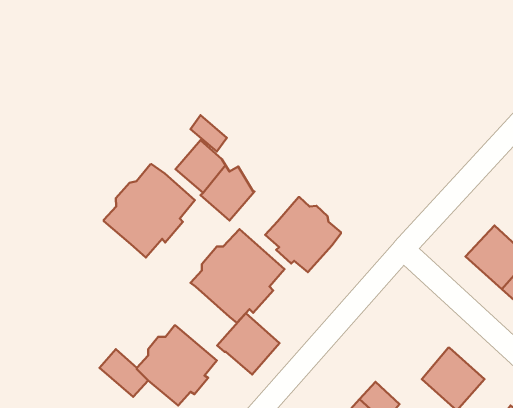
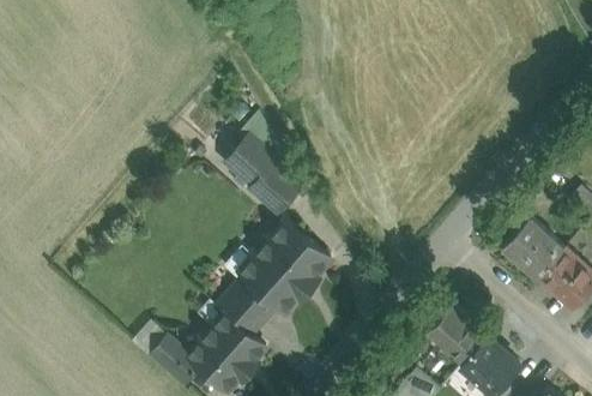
building: [104,164,195,258] -> none
building: [265,197,341,272] -> none
building: [217,313,280,374] -> [218,278,278,337]
building: none -> [429,307,488,367]

